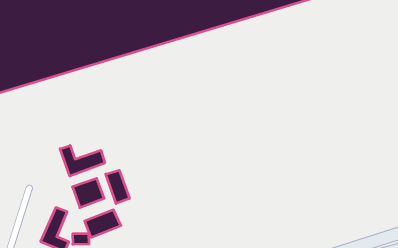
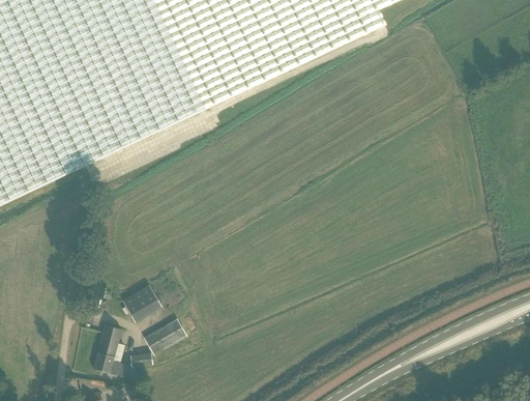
building: [60,145,105,176] -> none
building: [106,170,129,204] -> none

